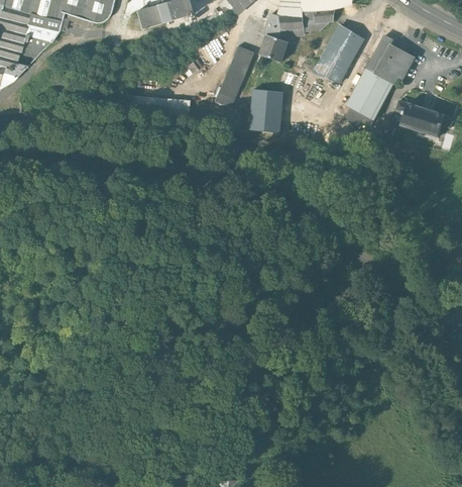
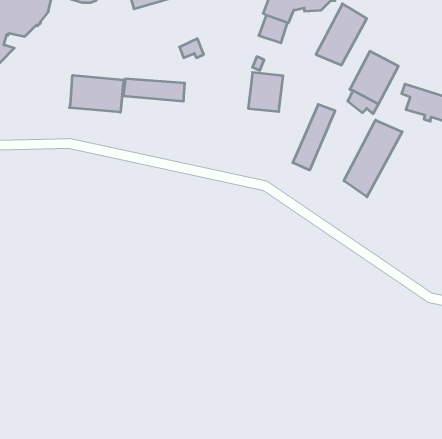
building: [366,34,412,83] -> none
building: [215,44,255,107] -> [293,104,335,170]
building: none -> [69,75,124,112]
building: none -> [344,120,402,197]

